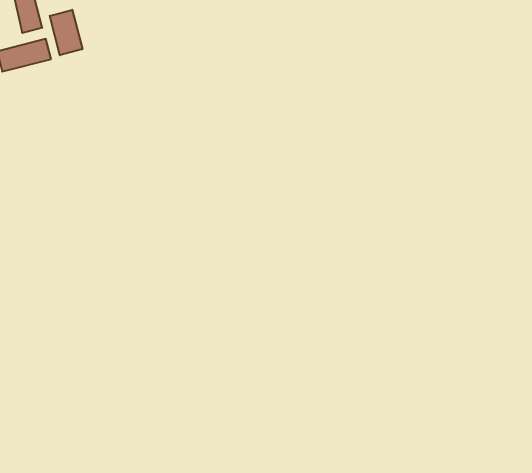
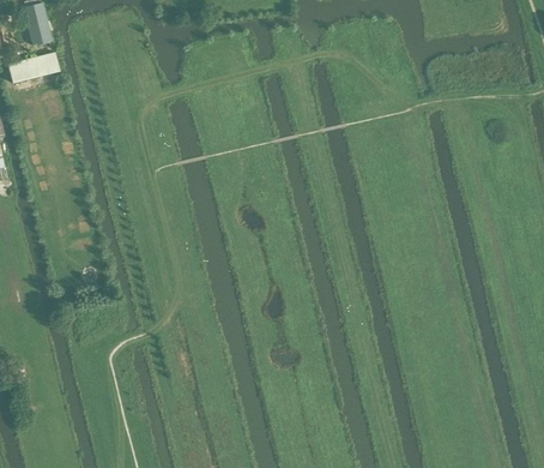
building: [50,10,82,55] -> none

